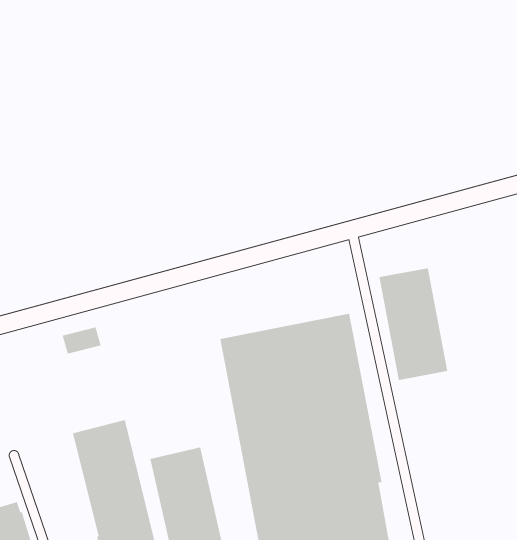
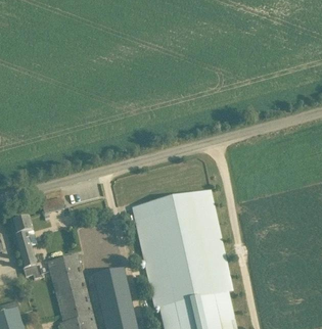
building: [379,267,448,381] -> none
building: none -> [12,218,39,278]

